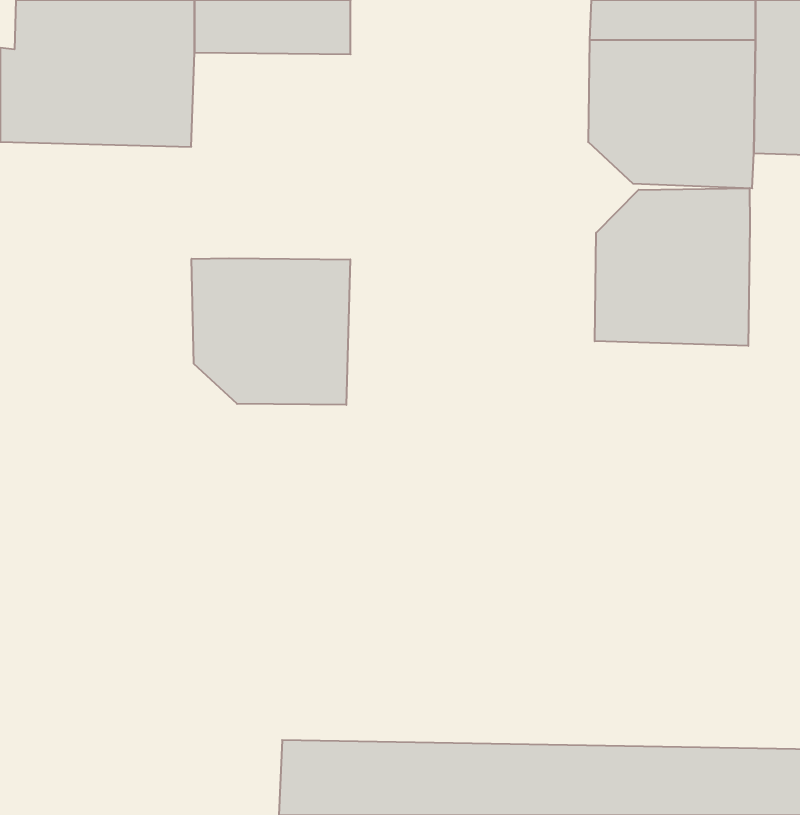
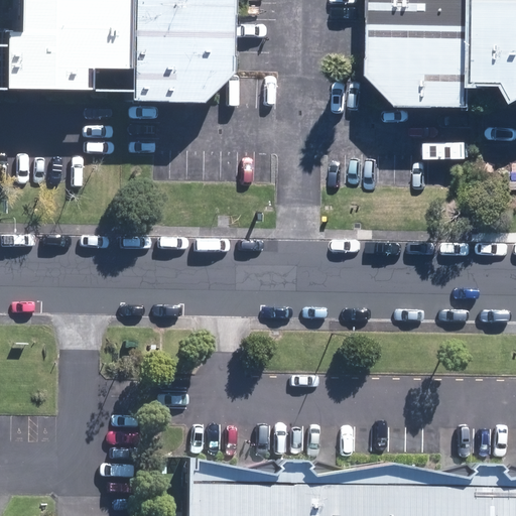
building: none -> [130,33,231,104]
building: [595,188,750,346] -> none
building: [192,258,350,405] -> none

